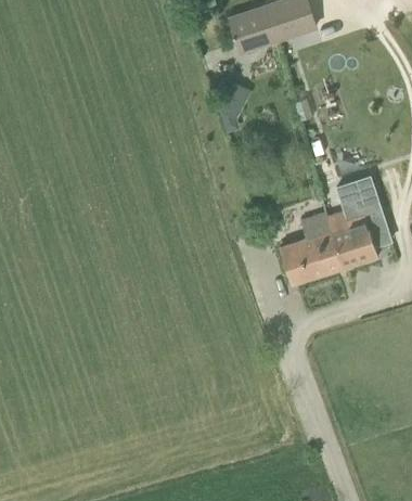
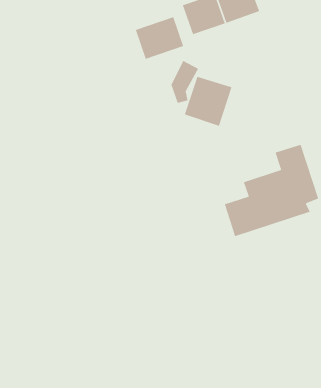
building: none -> [135,16,184,60]
building: none -> [184,76,232,127]

